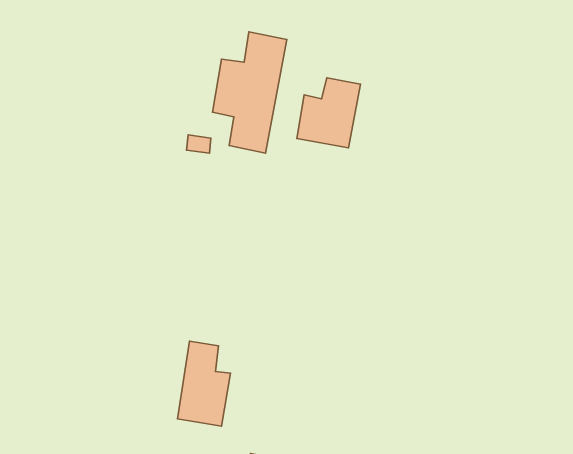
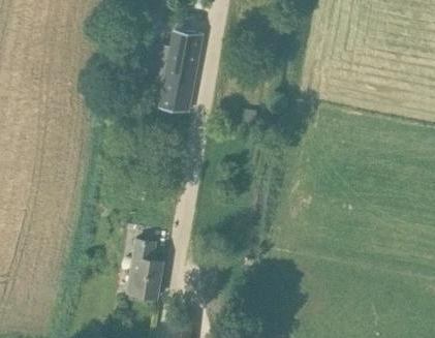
building: [297,78,360,148] -> none

